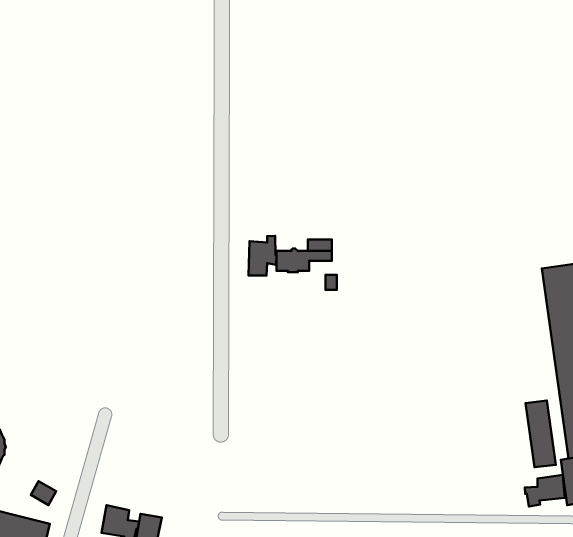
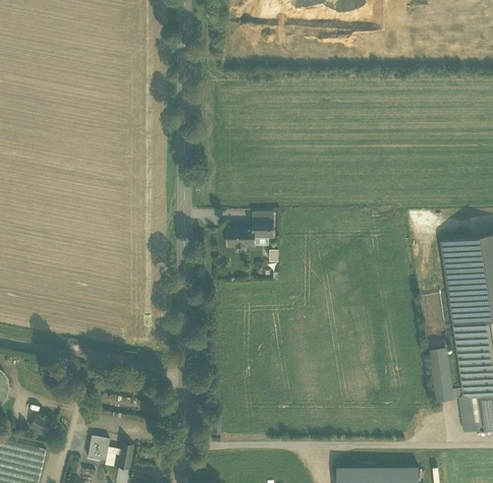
building: [249,236,276,276] -> none
building: [525,475,565,506] -> none

